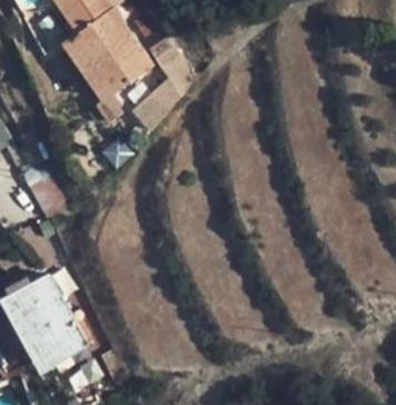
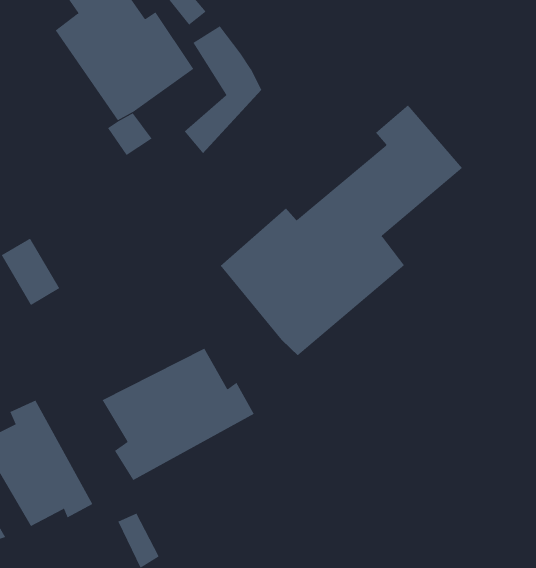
building: none -> [220,105,463,356]
building: none -> [102,348,255,481]

